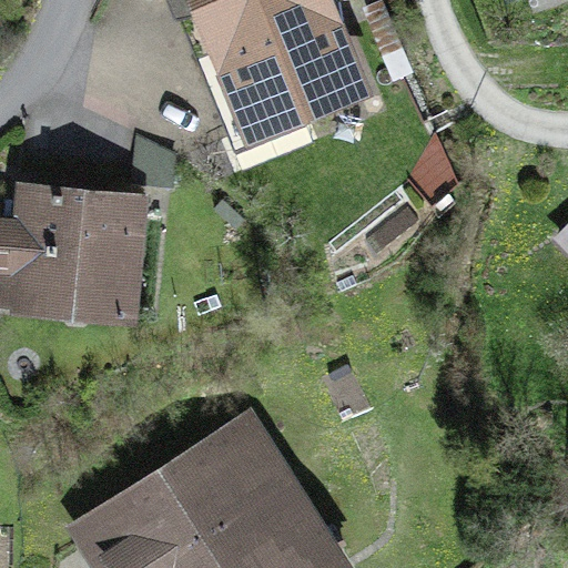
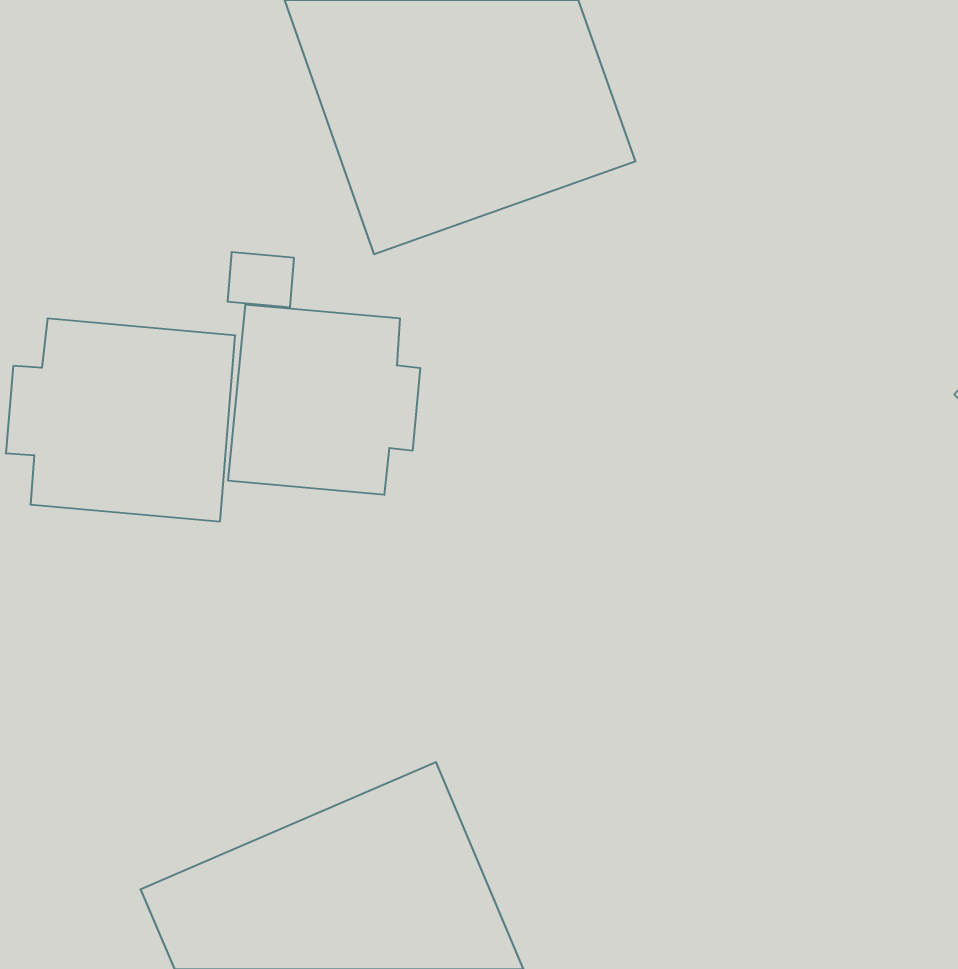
building: none -> [228,304,420,495]

